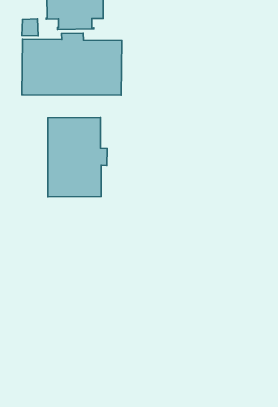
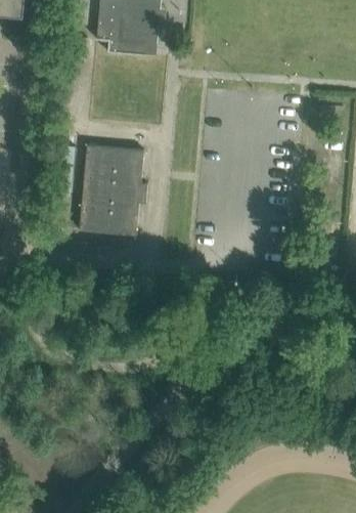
building: [22,33,122,95] -> none

